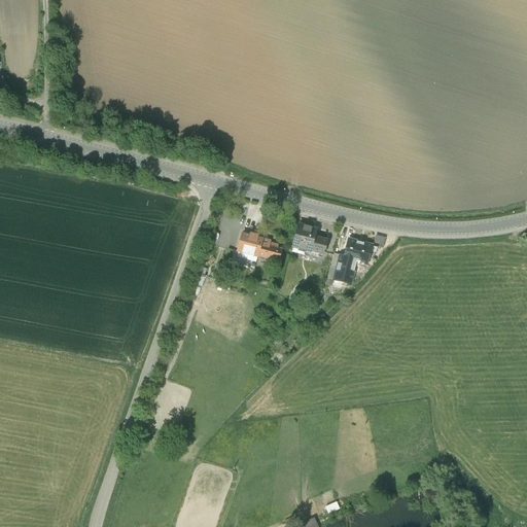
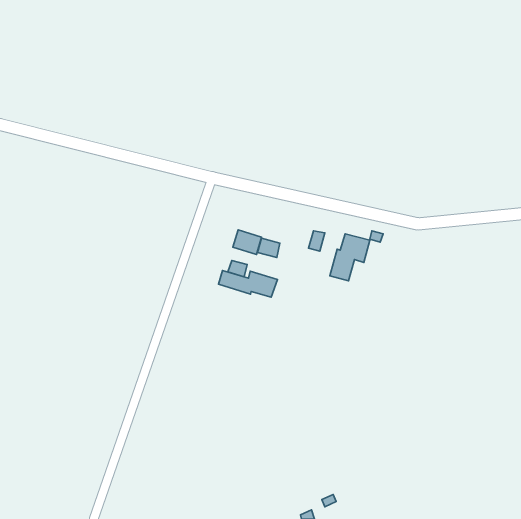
building: [292,225,317,250] -> none
building: none -> [218,270,277,297]

